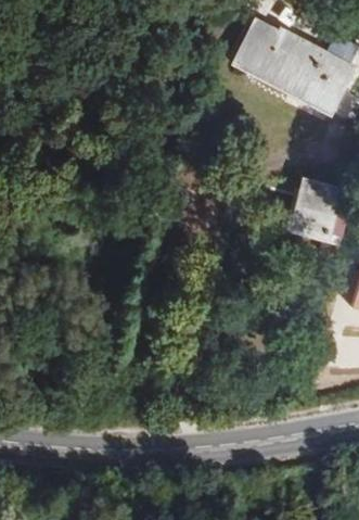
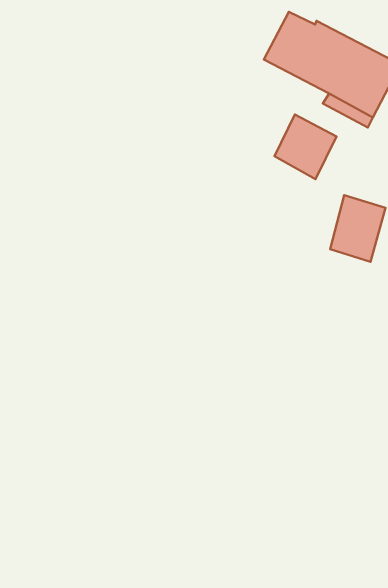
building: none -> [274,115,337,179]

